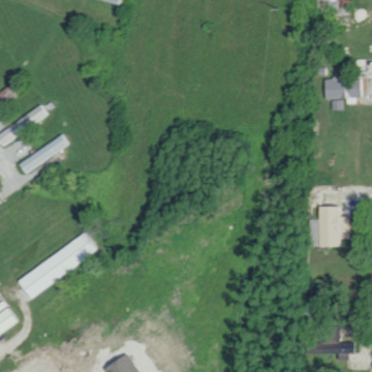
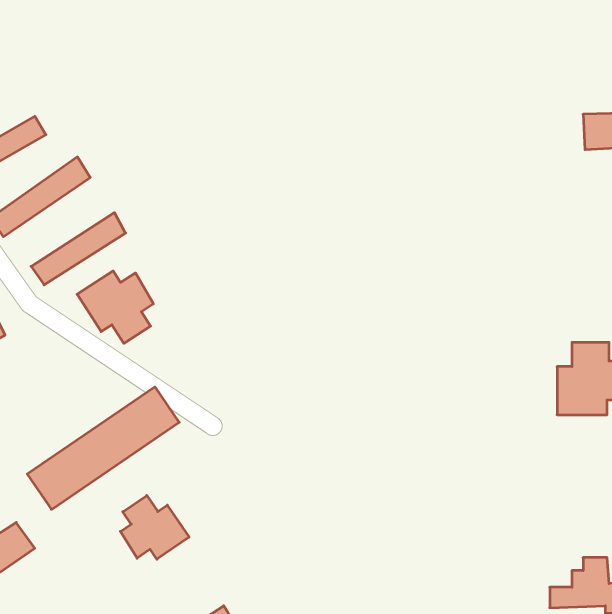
building: none -> [77,271,153,343]
building: none -> [120,495,189,559]

